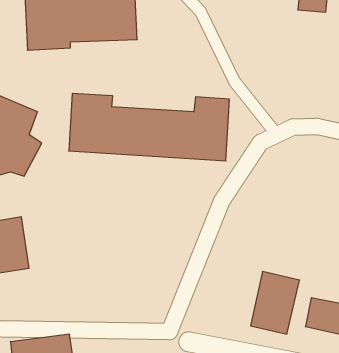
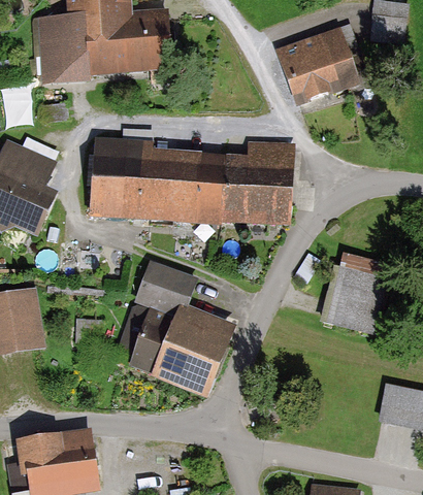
building: none -> [278,28,360,109]
building: none -> [115,263,233,399]
building: [251,272,300,334] -> [325,254,385,330]

